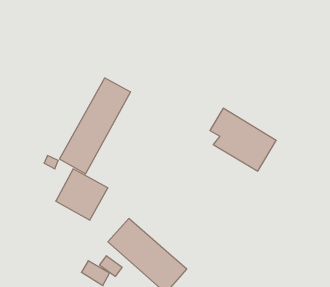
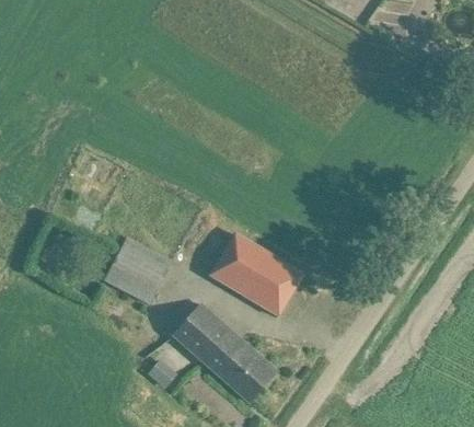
building: [60,78,130,174] -> none
building: [210,108,276,171] -> [212,230,300,313]

